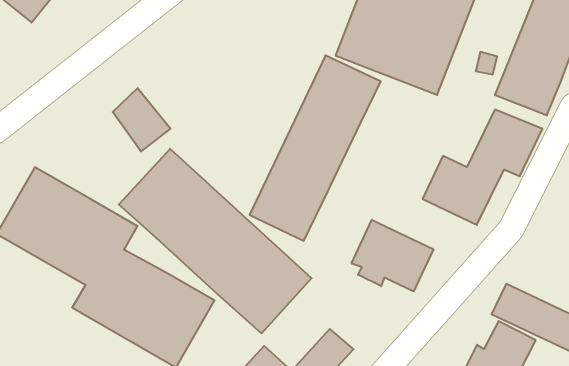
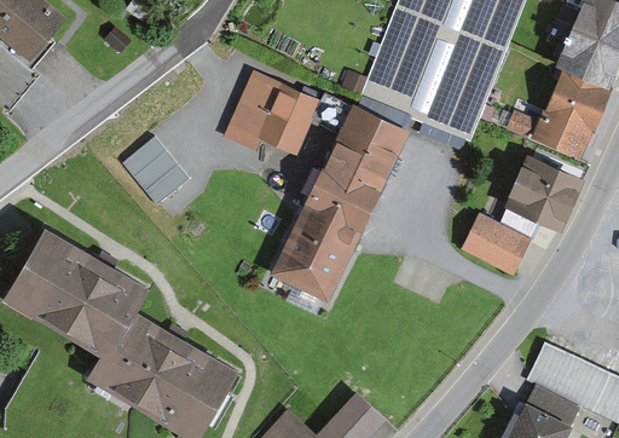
building: none -> [231,79,317,155]
building: [119,149,312,333] -> none
building: [352,220,433,291] -> none

